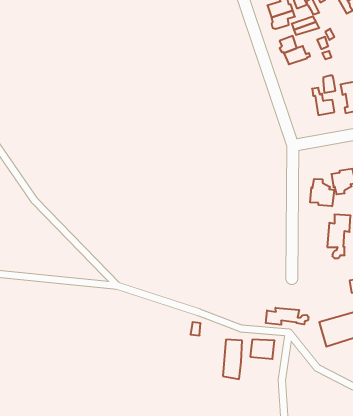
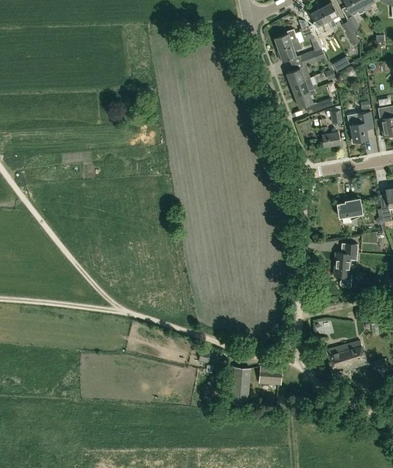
building: none -> [296,90,333,114]
building: [310,179,334,206] -> none
building: [266,308,309,325] -> none

